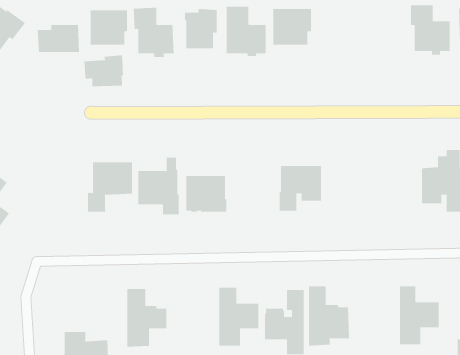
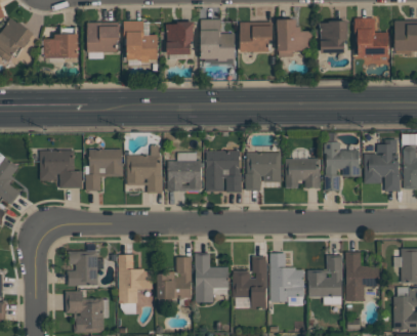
building: none -> [278,20,312,57]
building: none -> [320,22,347,53]
building: [84,55,124,87] -> none
building: none -> [323,142,360,192]
building: none -> [39,151,82,188]
building: none -> [205,152,242,193]
building: none -> [285,159,320,188]
building: none -> [68,251,97,286]
building: none -> [307,256,342,297]
building: none -> [158,257,192,299]

